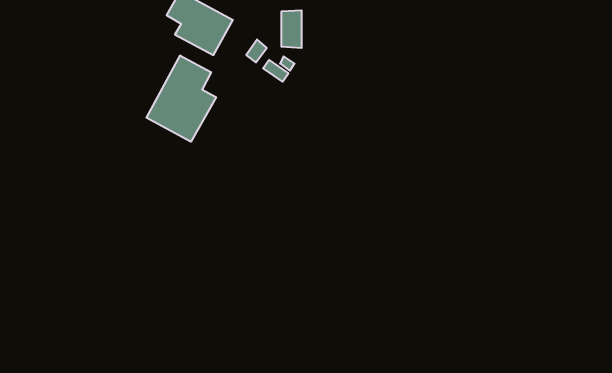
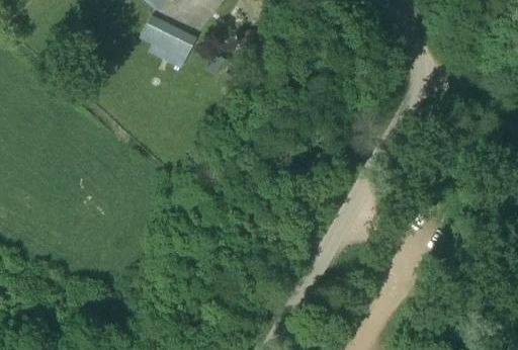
building: [146,55,216,142] -> none

